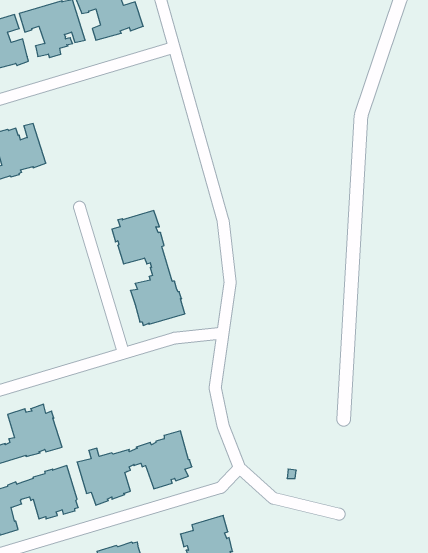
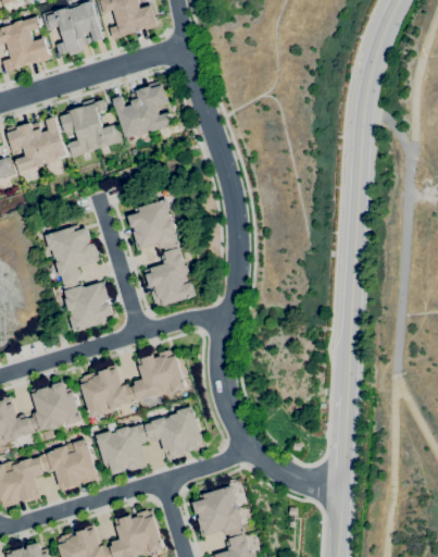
building: none -> [113,81,174,137]
building: none -> [60,100,115,157]
building: none -> [45,224,113,332]
building: none -> [79,350,186,418]

